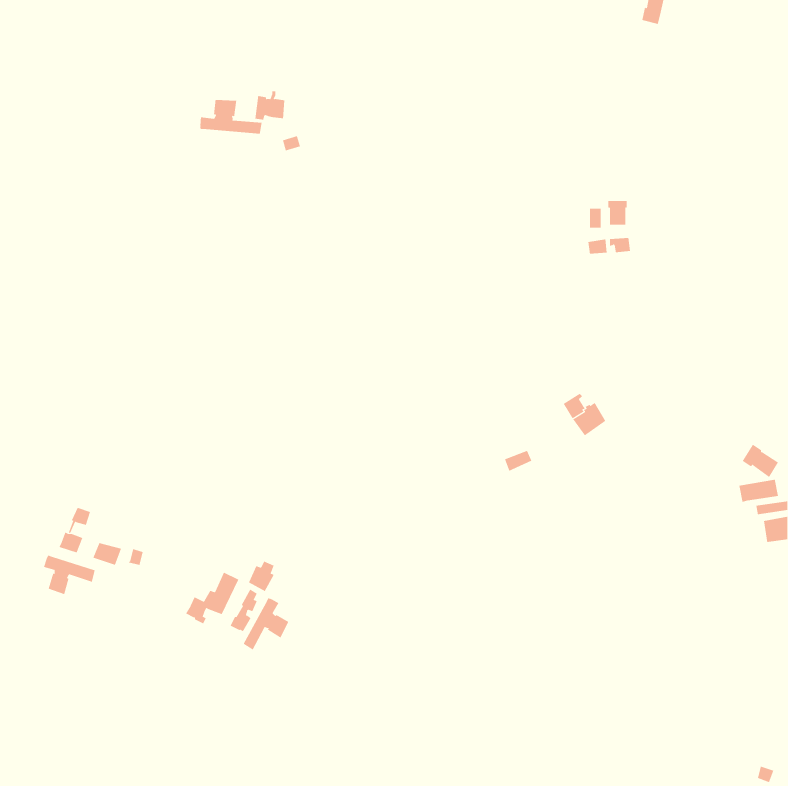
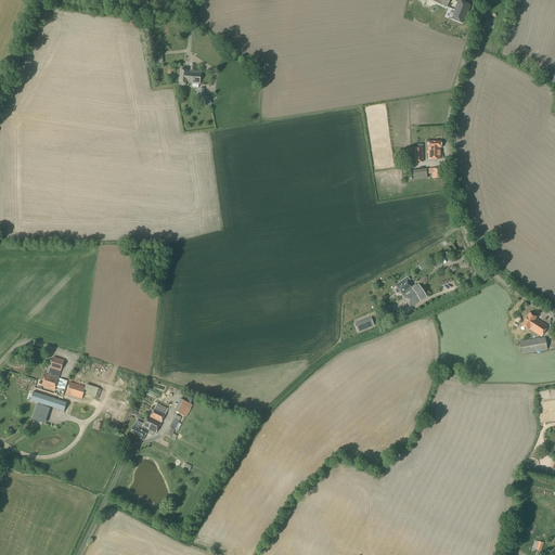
building: [200,99,262,134] -> none
building: [243,598,289,650] -> none

